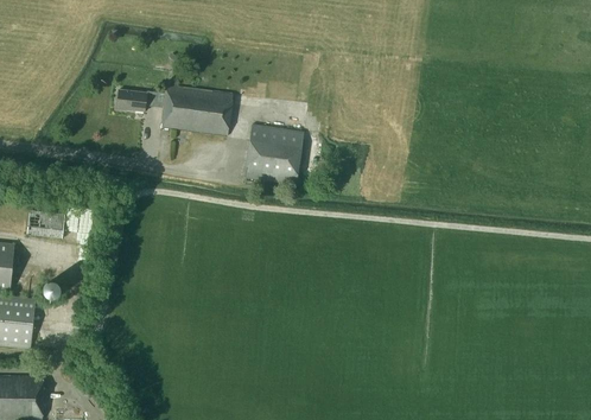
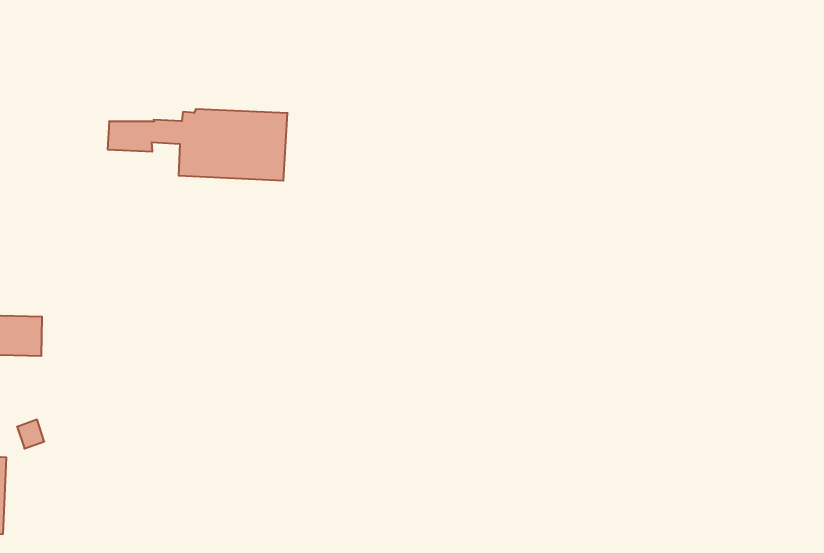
building: [243,123,303,185] -> none

